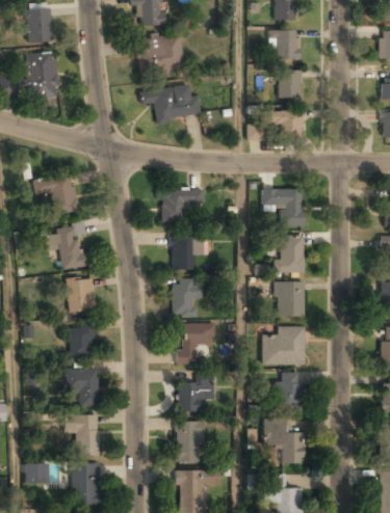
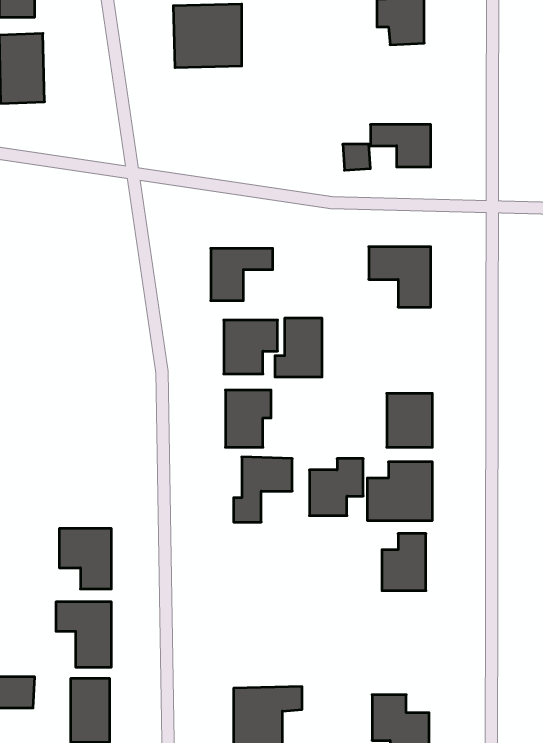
building: [279,72,301,99] -> none
building: [141,84,202,120] -> none
building: [33,171,80,216] -> none
building: [47,224,89,271] -> none
building: [275,236,305,273] -> [275,318,322,377]
building: [69,278,96,312] -> none
building: [70,326,95,358] -> none
building: [180,375,214,411] -> [309,459,363,516]
building: [265,420,305,463] -> none
building: [177,422,205,461] -> none

